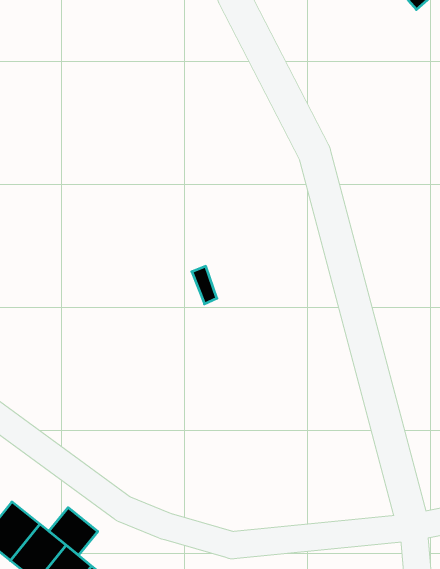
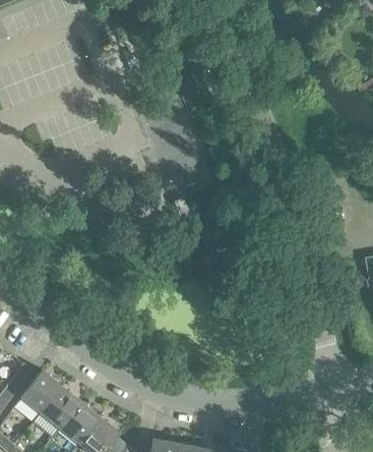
building: [49,508,98,555] -> none

